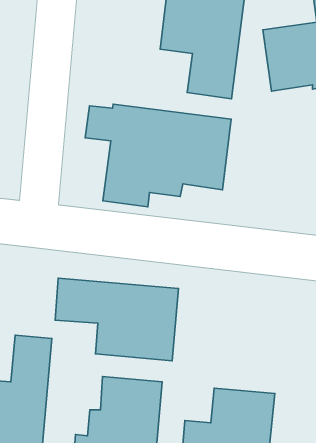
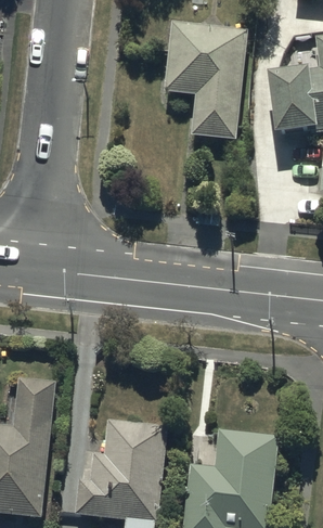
building: [85,104,231,207] -> none
building: [55,278,179,361] -> none

